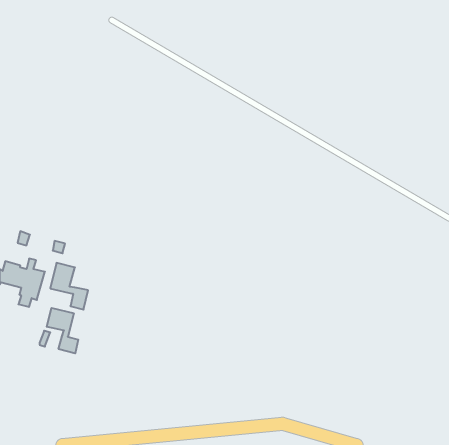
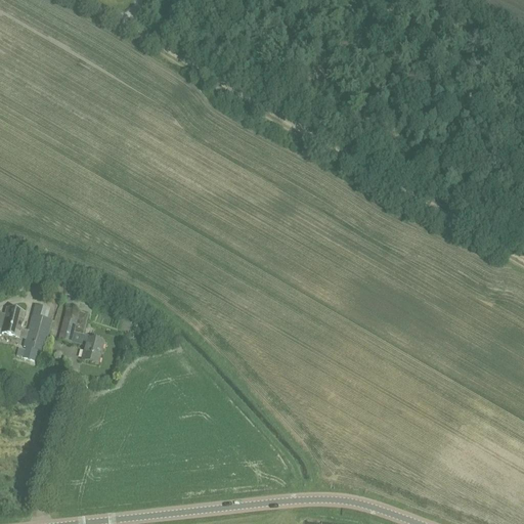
building: [47,308,78,353] -> none

